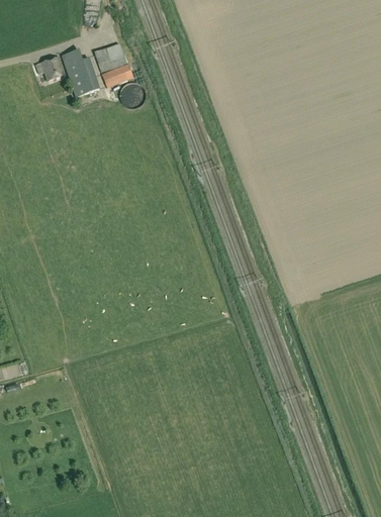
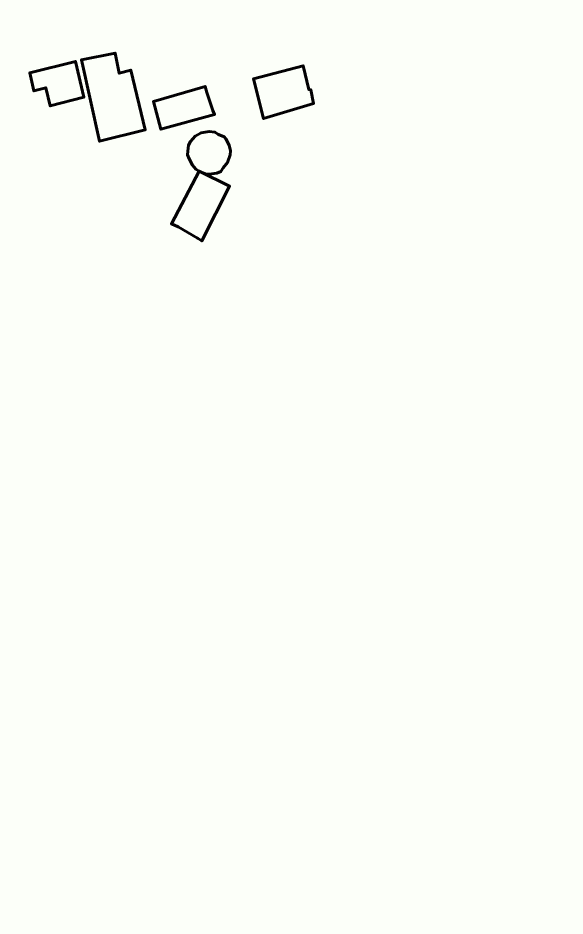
building: [94,42,126,72] -> [253,66,313,118]
building: none -> [172,171,230,241]

